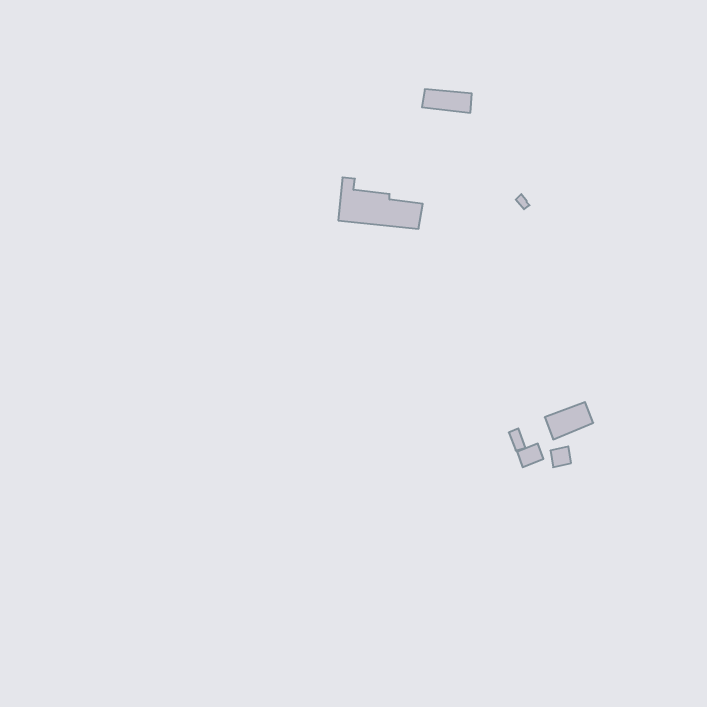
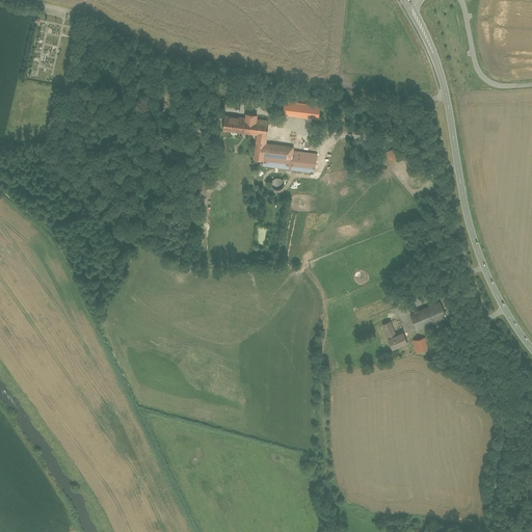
building: [422,89,472,113] -> [282,100,319,117]
building: none -> [223,113,268,134]

